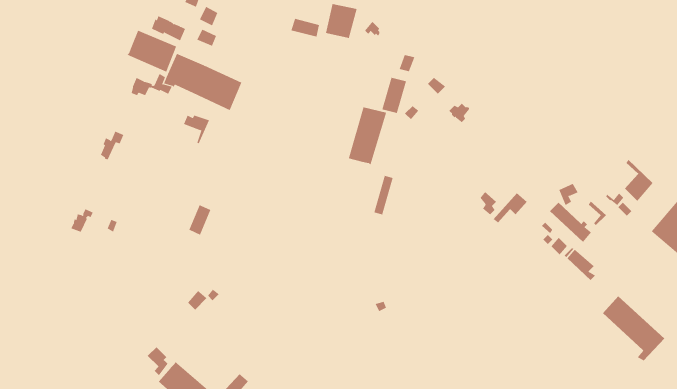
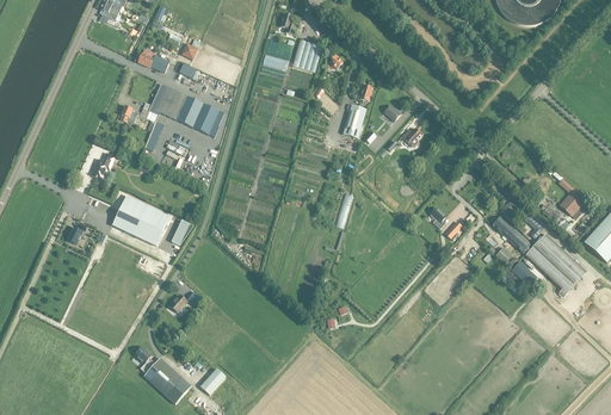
building: [127,30,177,73] -> none
building: [348,107,387,165] -> none
building: none -> [113,198,169,244]
building: [602,296,665,361] -> [527,237,584,296]

